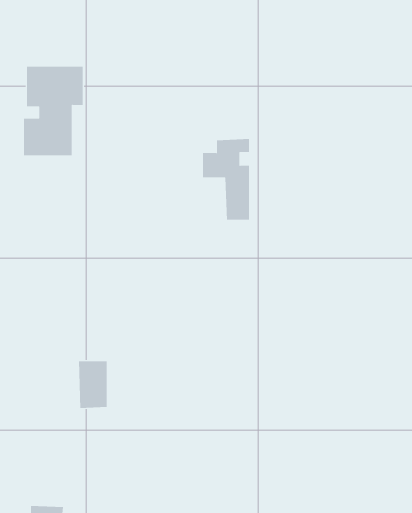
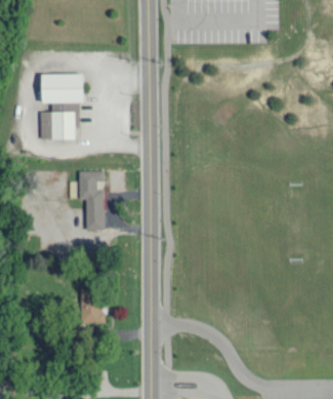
building: [202,139,250,220] -> [70,169,105,229]

